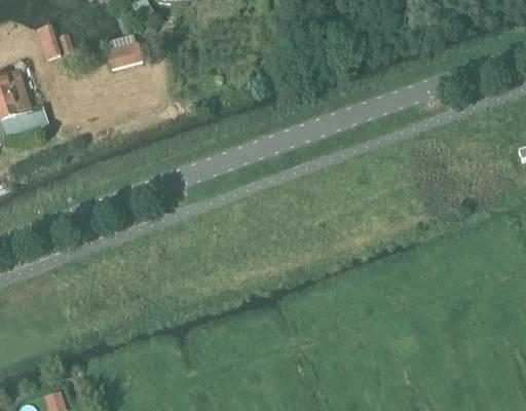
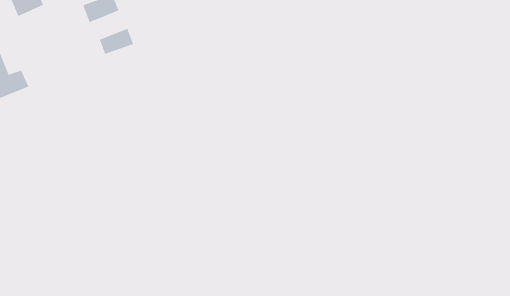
building: none -> [99,28,134,55]

